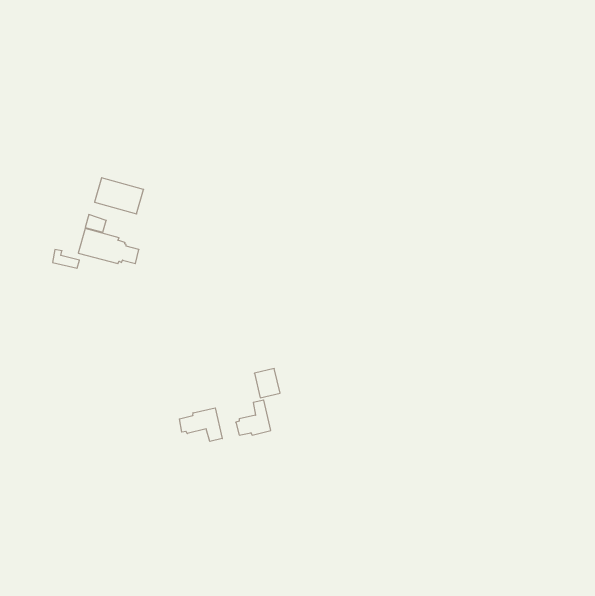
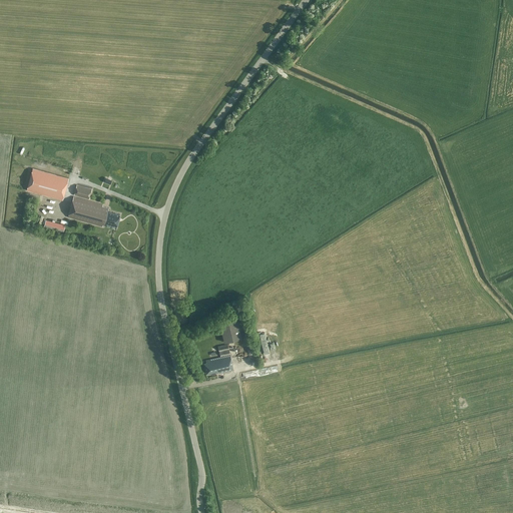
building: [95,178,144,214] -> [26,168,68,199]
building: [179,408,222,441] -> none

